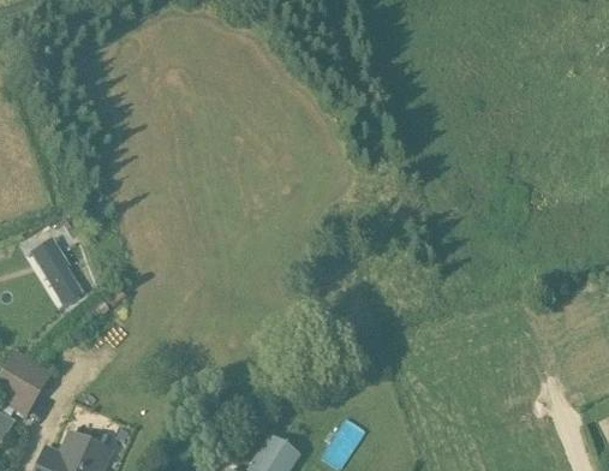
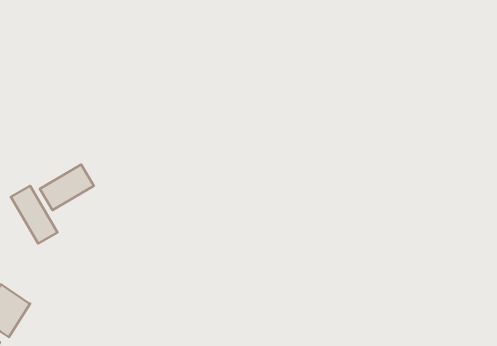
building: none -> [40,165,94,210]

